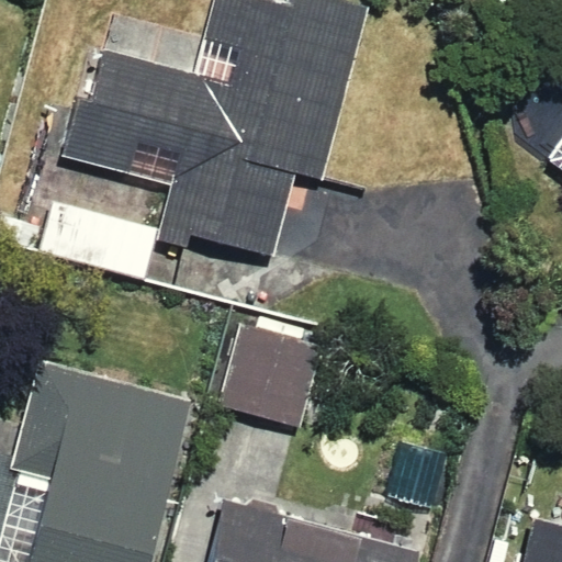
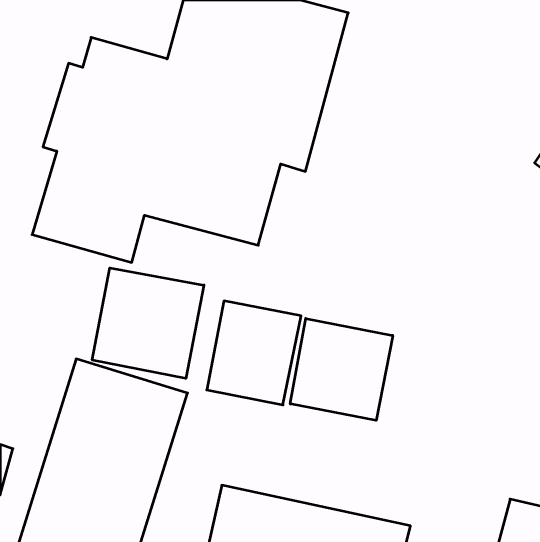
building: none -> [92,268,204,378]
building: none -> [290,318,393,420]

